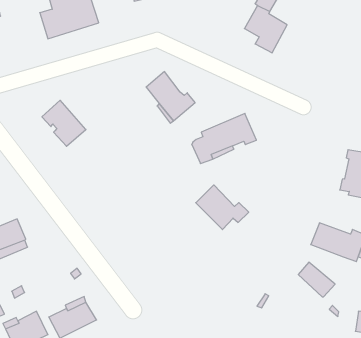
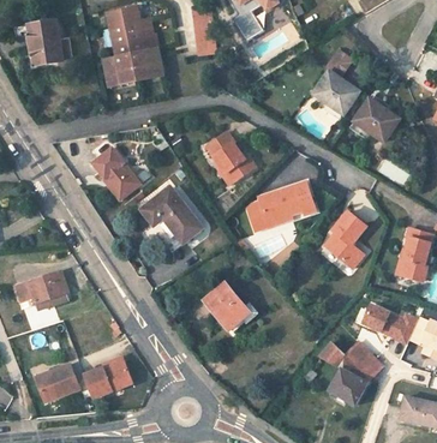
building: none -> [348,100,399,140]
building: none -> [140,186,202,243]
building: none -> [323,210,364,267]
building: [196,185,249,230] -> [204,282,258,329]
building: none -> [318,342,369,403]

